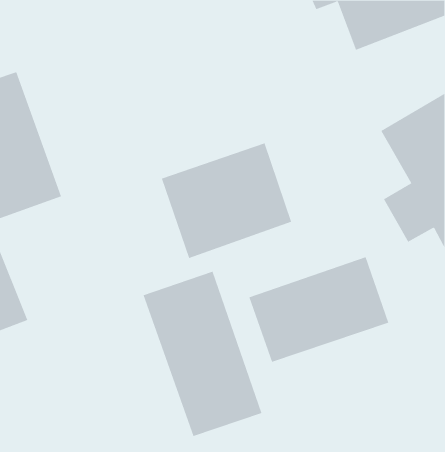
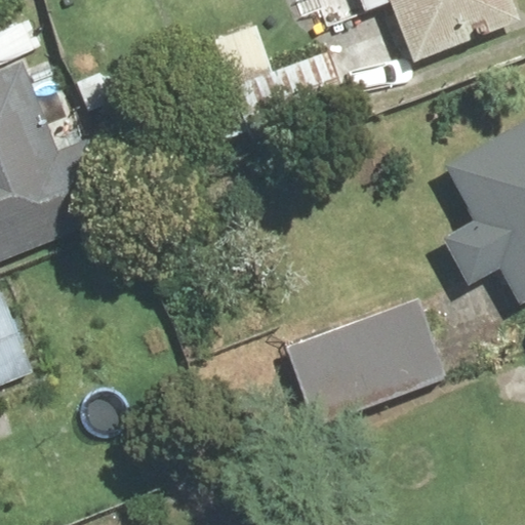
building: [161,142,292,259] -> none
building: [143,271,262,437] -> none

